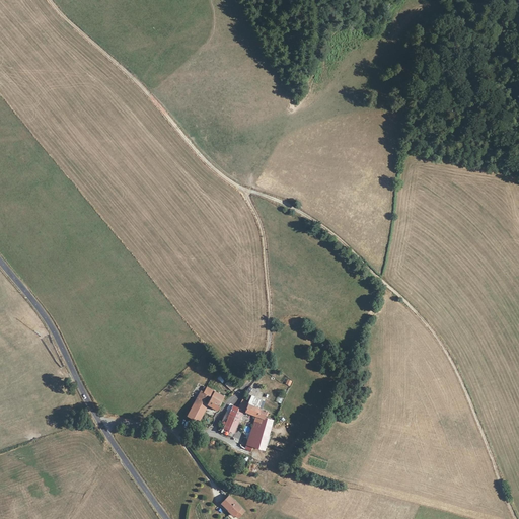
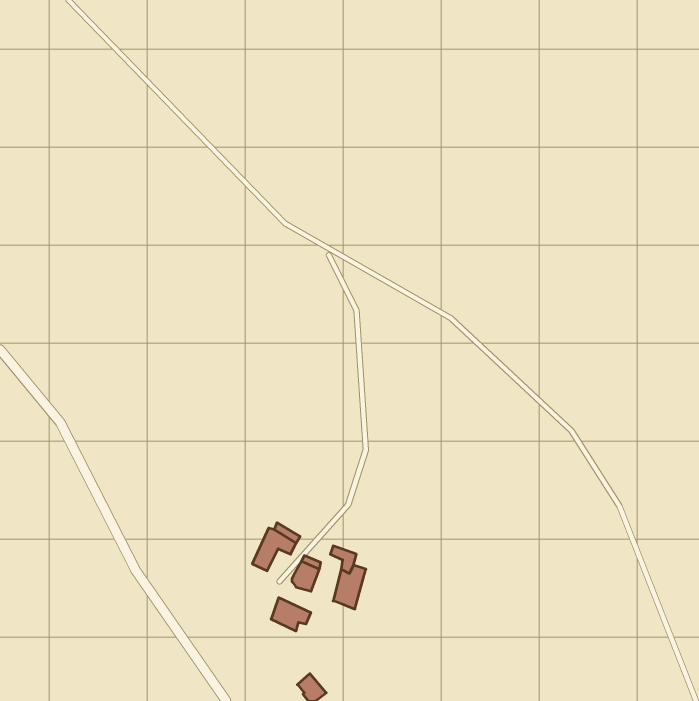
building: none -> [271,598,311,631]

